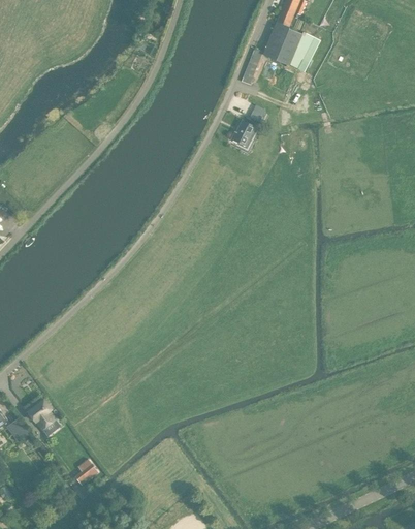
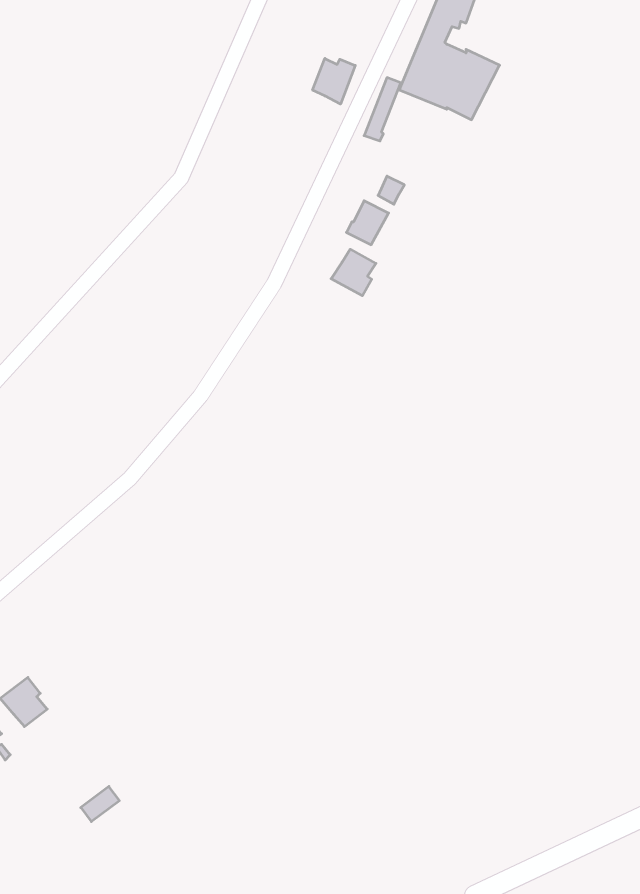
building: none -> [313,58,355,104]
building: none -> [331,249,376,296]

